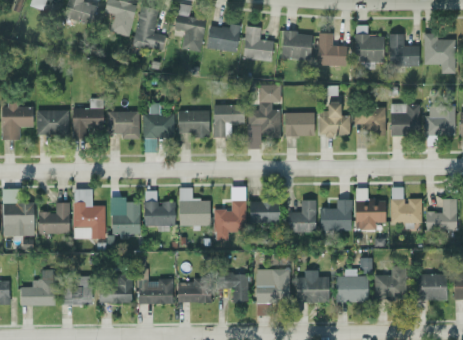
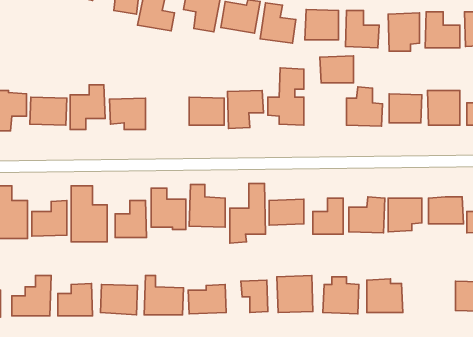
building: [142,103,174,138] -> none
building: [284,112,314,136] -> [320,56,354,83]
building: [374,274,405,301] -> none

